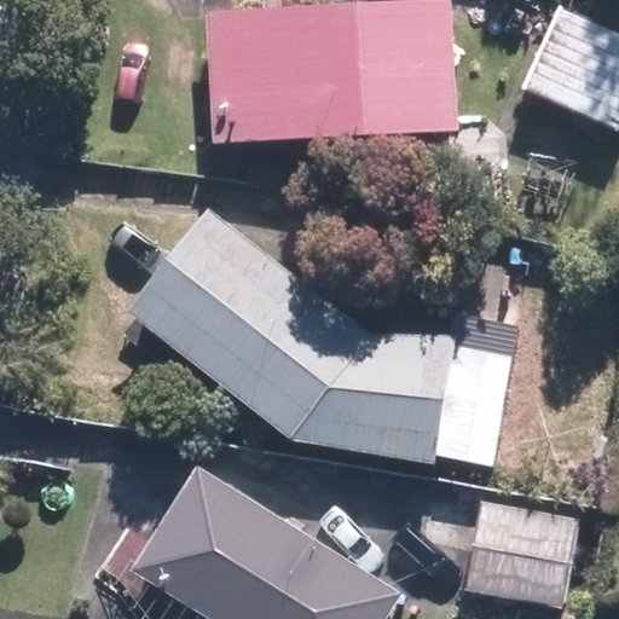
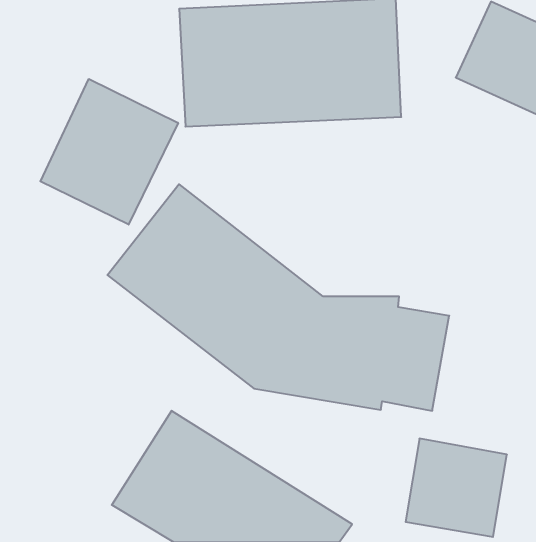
building: none -> [40,79,178,225]

